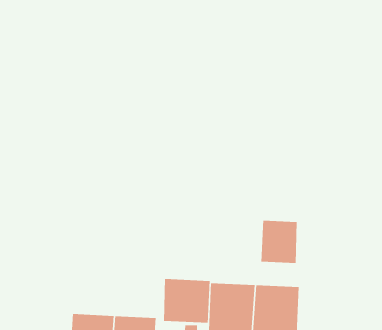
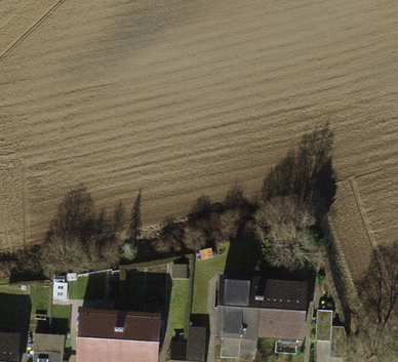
building: [261,220,297,264] -> none
building: [163,278,210,324] -> none

